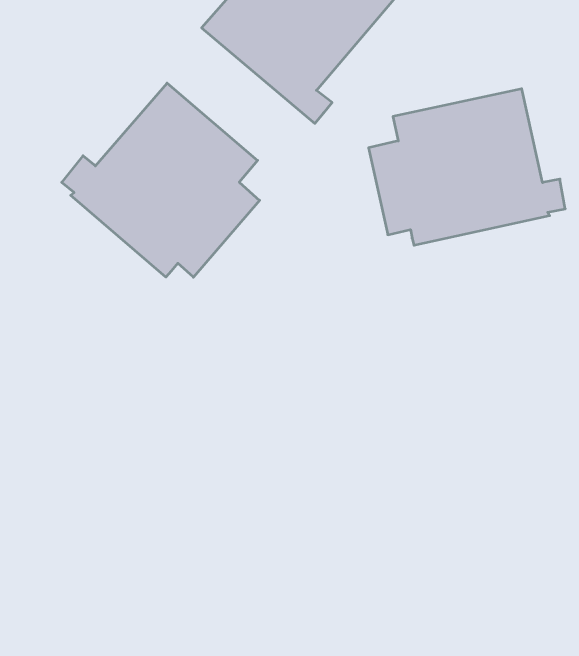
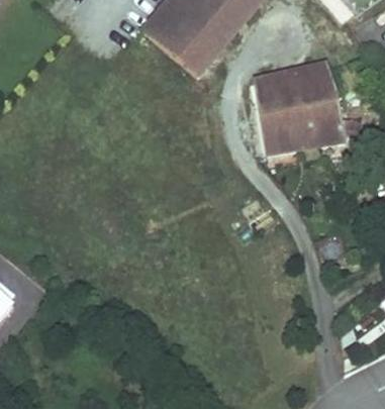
building: [62,83,260,277] -> none

